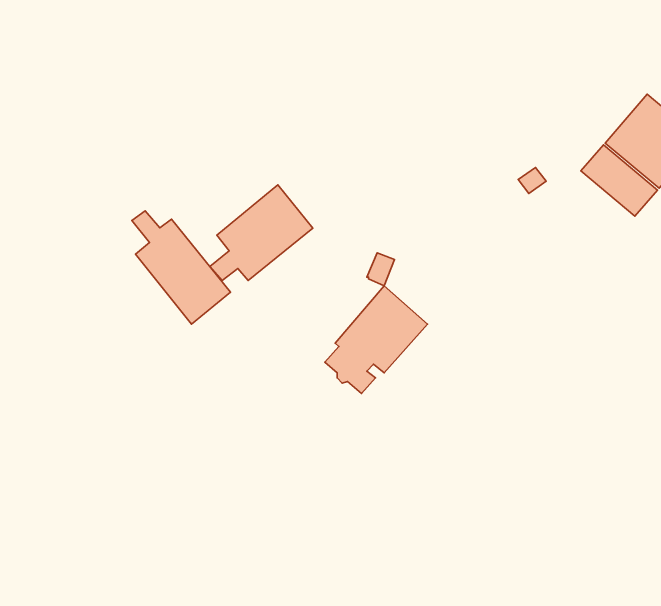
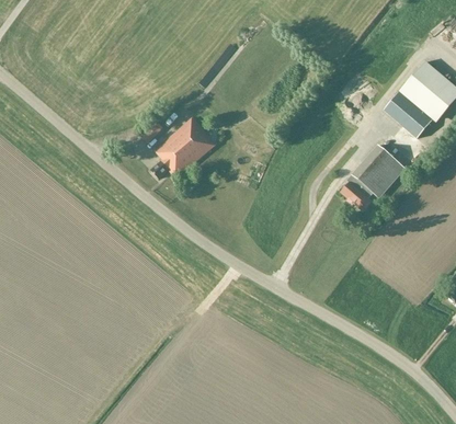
building: [132,211,231,324] -> none
building: [325,286,428,394] -> [341,144,406,211]

